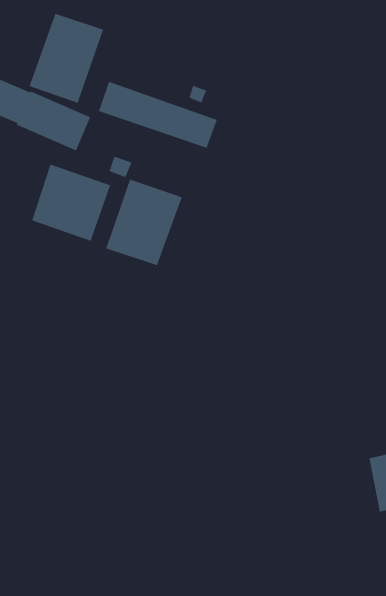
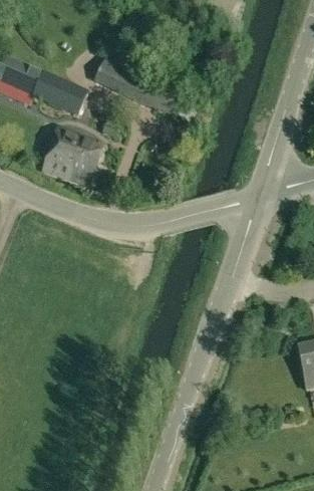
building: [28,13,104,104] -> none
building: [105,178,183,266] -> none

